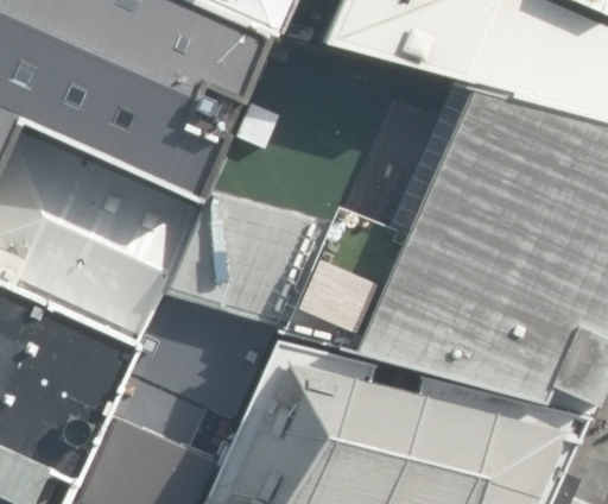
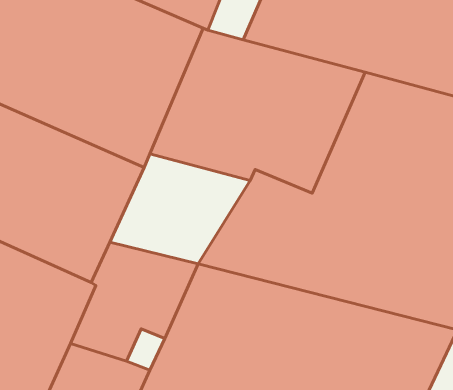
building: [165,190,335,323] -> none

